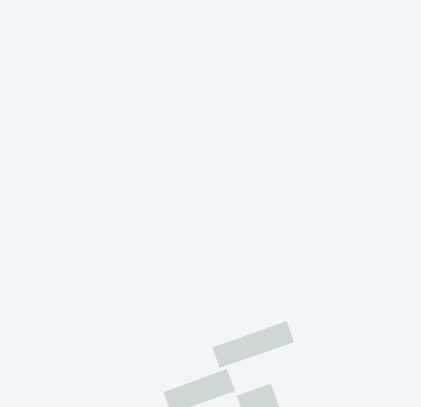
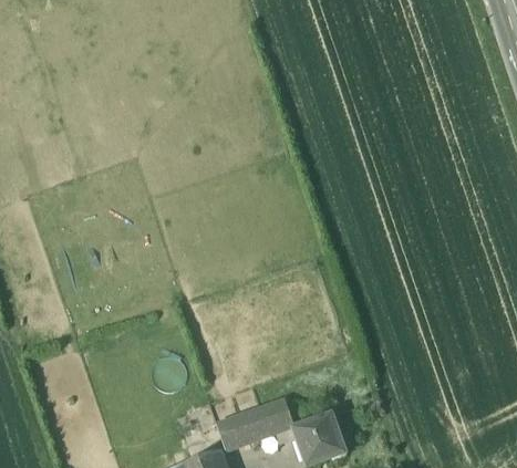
building: [212,320,295,369] -> none

